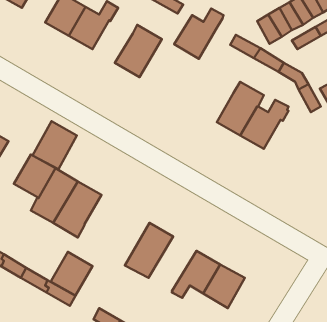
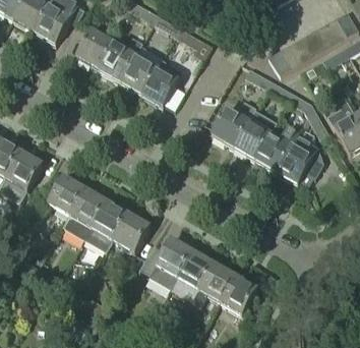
building: [174,8,224,59] -> [209,100,254,146]
building: none -> [119,53,156,92]
building: none -> [275,135,322,182]
building: [32,121,77,169] -> none
building: none -> [170,249,214,299]
building: [51,252,92,295] -> [112,212,149,251]

